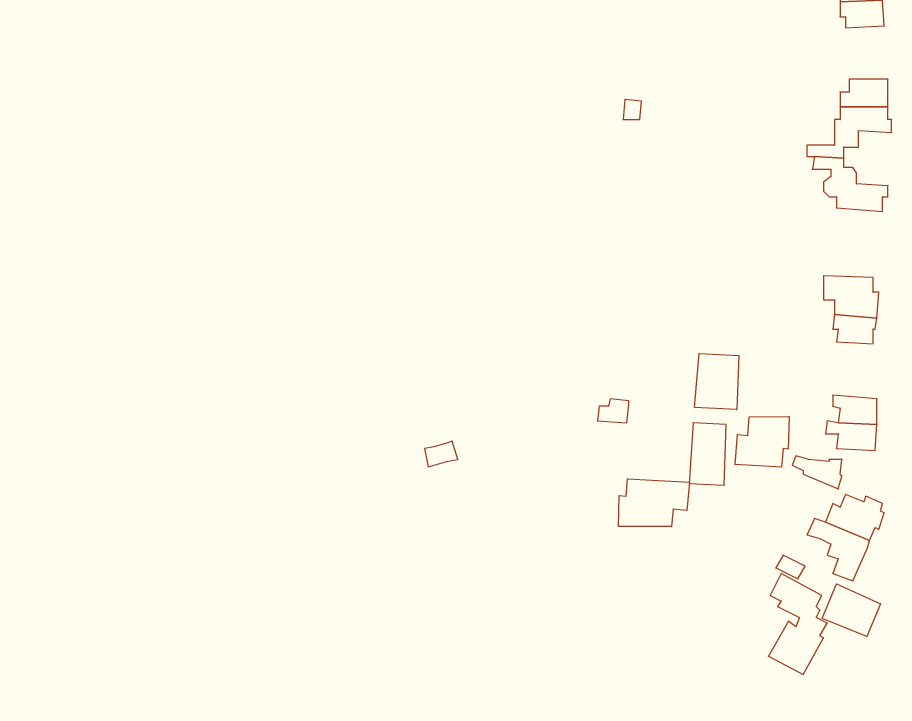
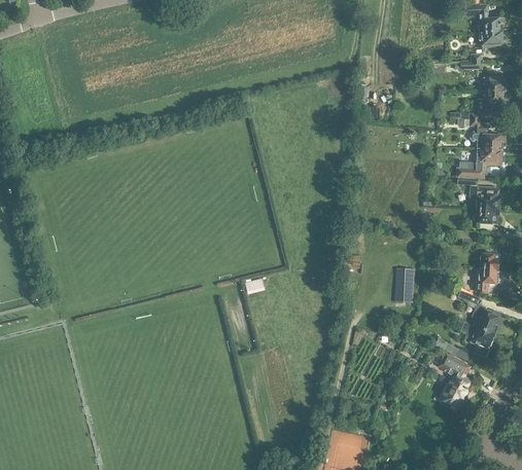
building: none -> [456,147,502,178]
building: [695,354,739,410] -> none
building: [735,416,789,467] -> none
building: [619,479,689,527] -> none
building: [822,584,881,637] -> none

